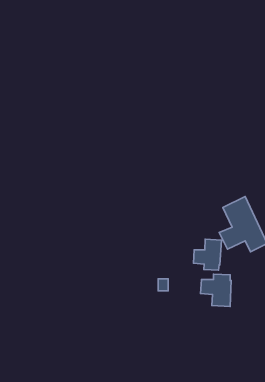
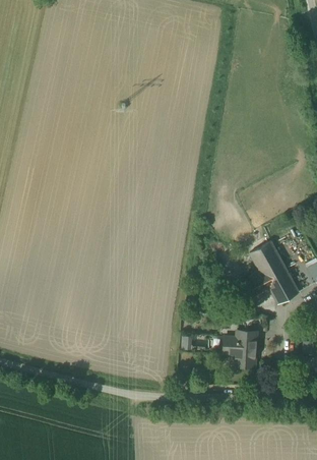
building: [194,239,222,270] -> none

